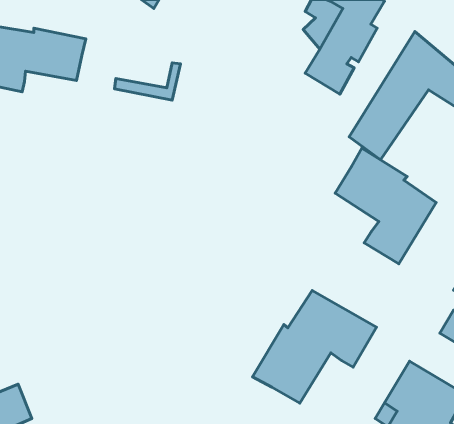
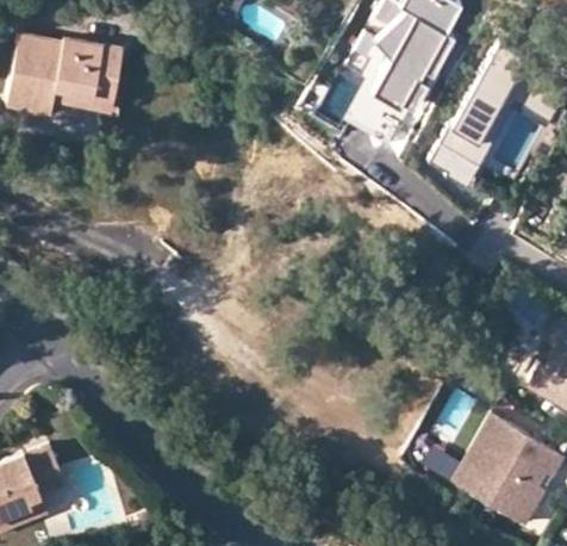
building: [115,63,180,100] -> [54,69,129,112]
building: [335,148,436,264] -> none
building: [253,290,376,403] -> none

